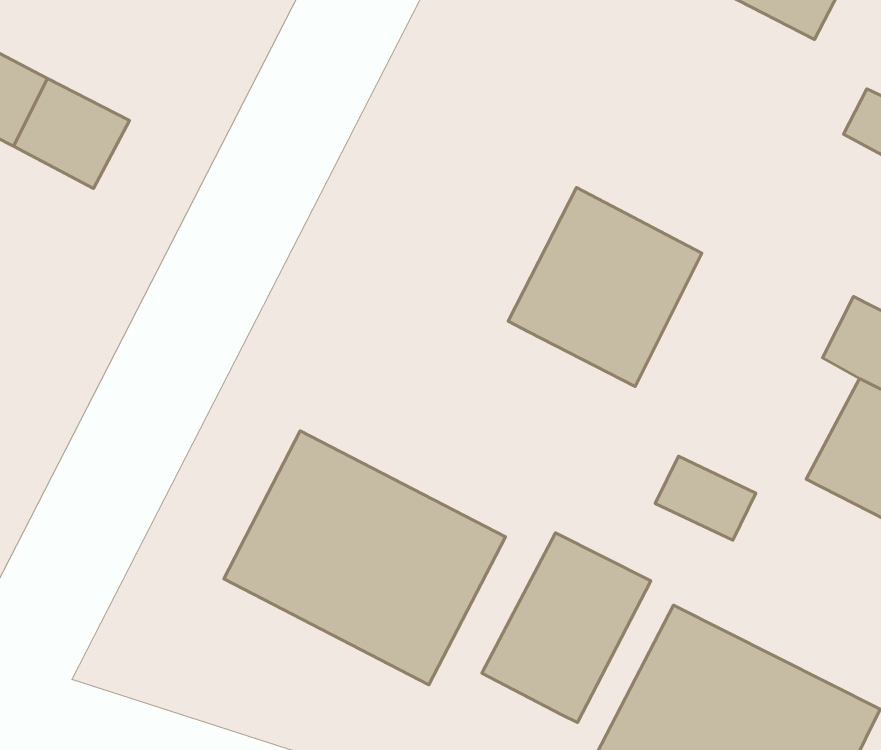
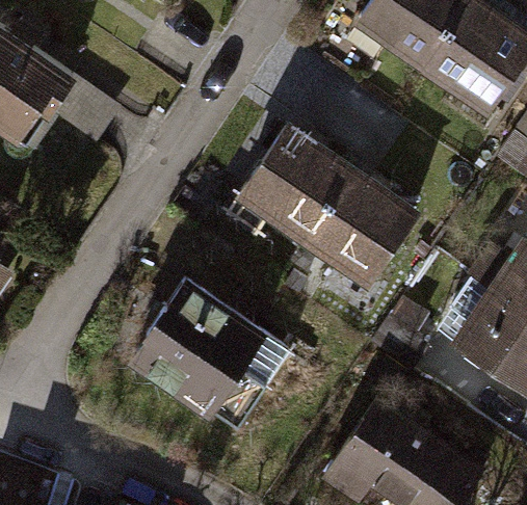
building: none -> [240,128,349,238]
building: [482,533,651,723] -> none

